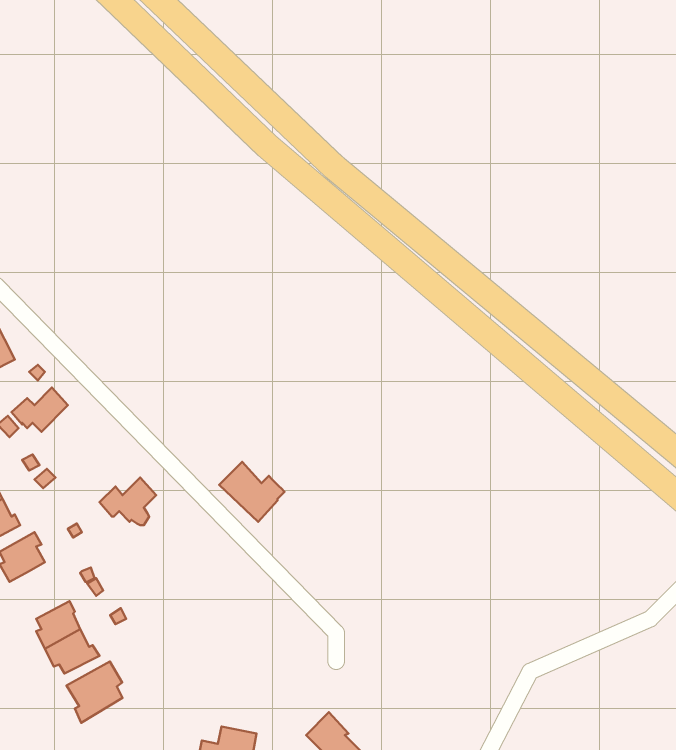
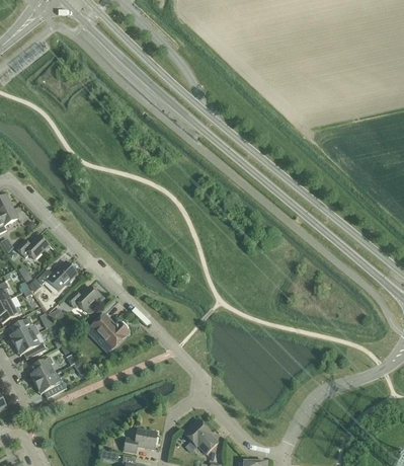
building: none -> [36,261,76,292]
building: [219,462,285,522] -> [90,314,128,348]
building: none -> [14,334,45,360]
building: [67,662,123,723] -> none

